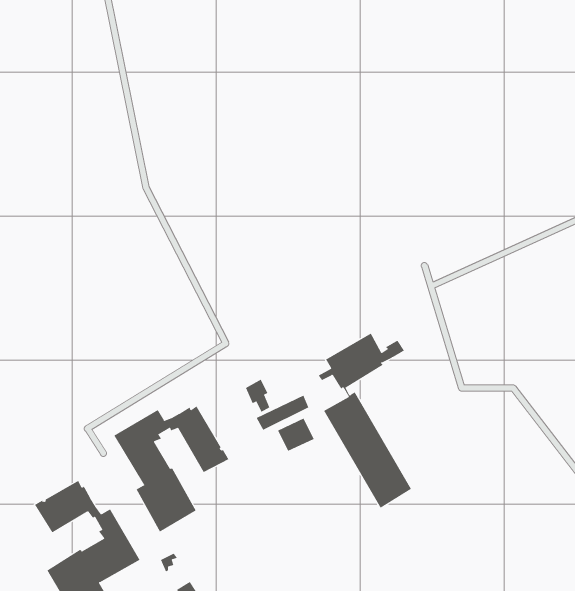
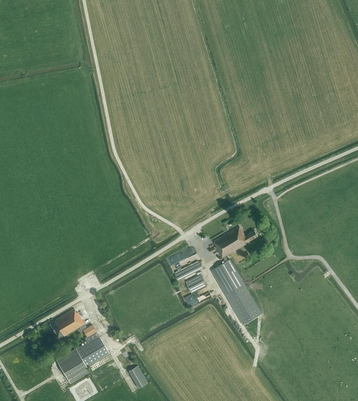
building: [114,405,229,532] -> none

